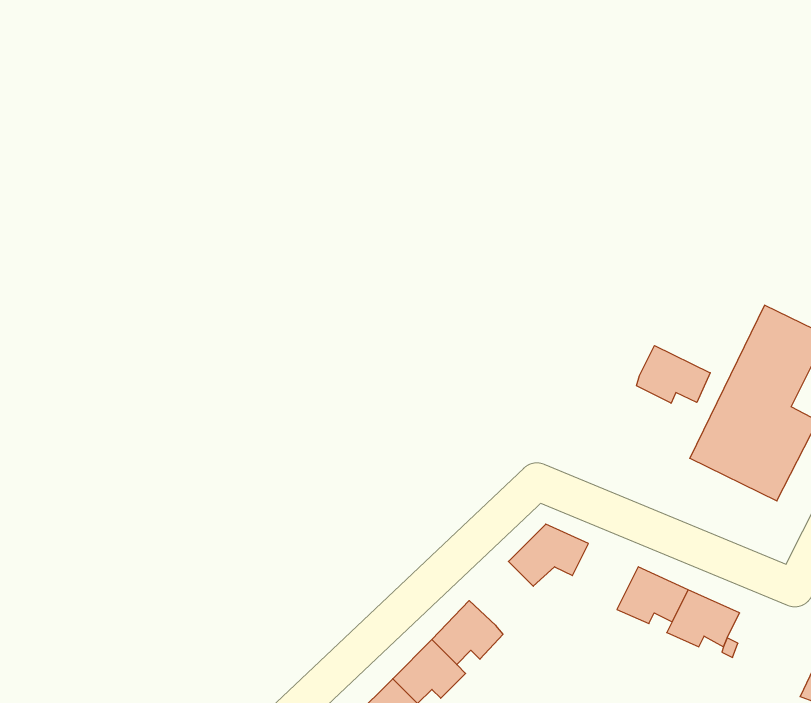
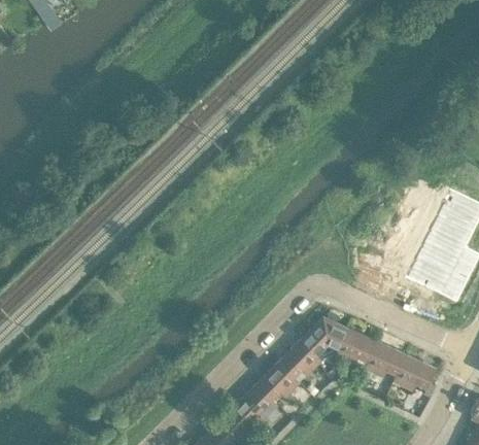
building: [636,346,710,403] -> none
building: none -> [337,330,377,364]
building: none -> [279,340,321,377]

